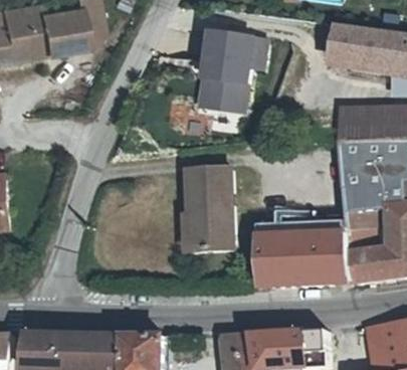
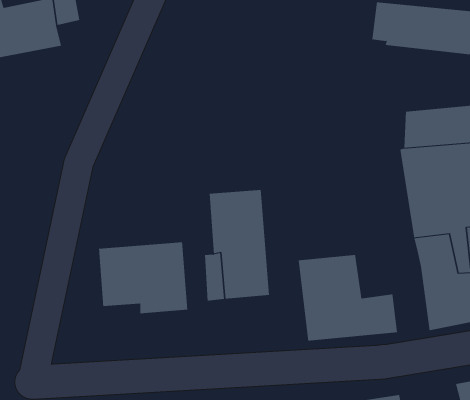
building: [203,30,267,114] -> none
building: none -> [98,242,188,314]
building: [299,219,353,283] -> none

